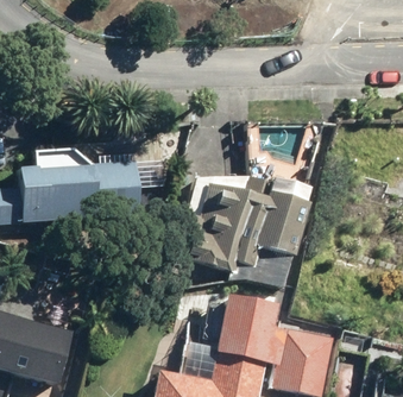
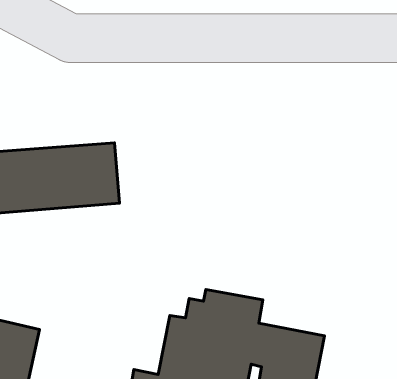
building: [175,175,316,271] -> none

